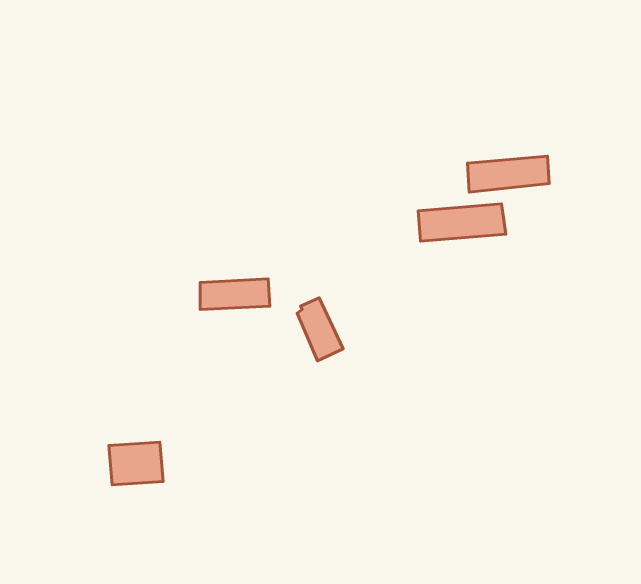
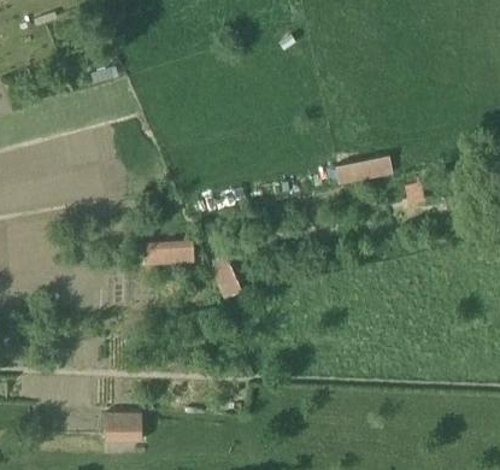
building: [418,204,506,241] -> none
building: [109,442,163,485] -> [106,412,145,442]

